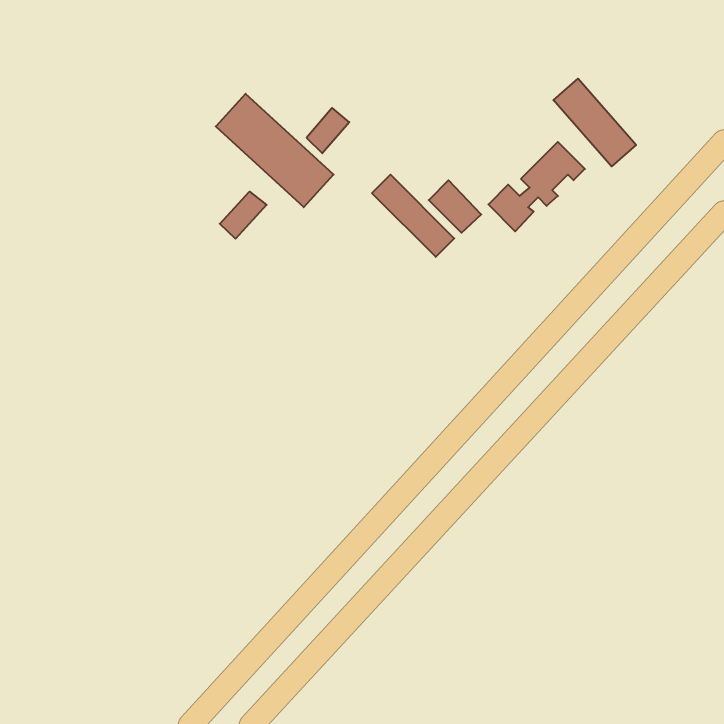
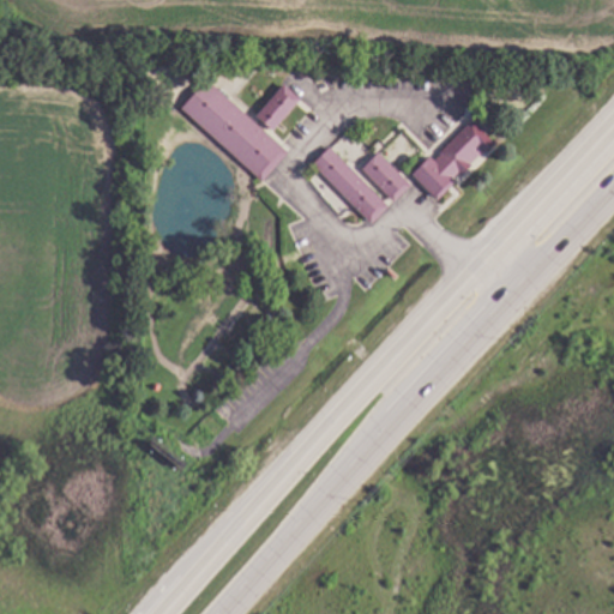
building: [553,79,636,166] -> none
building: [220,192,267,239] -> none

